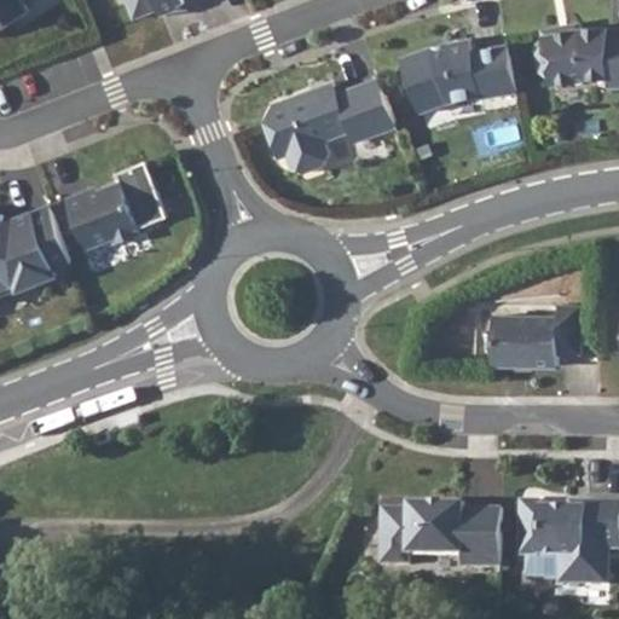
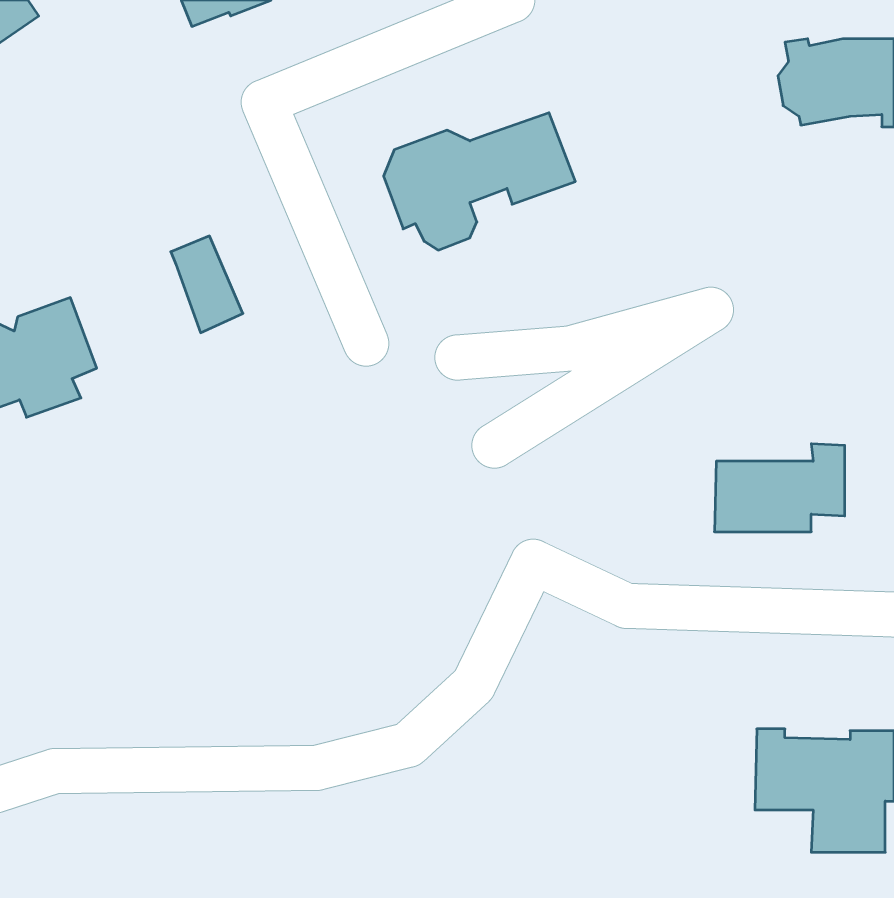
building: [399,39,514,112] -> none
building: [65,183,138,249] -> none
building: [380,505,501,569] -> none

